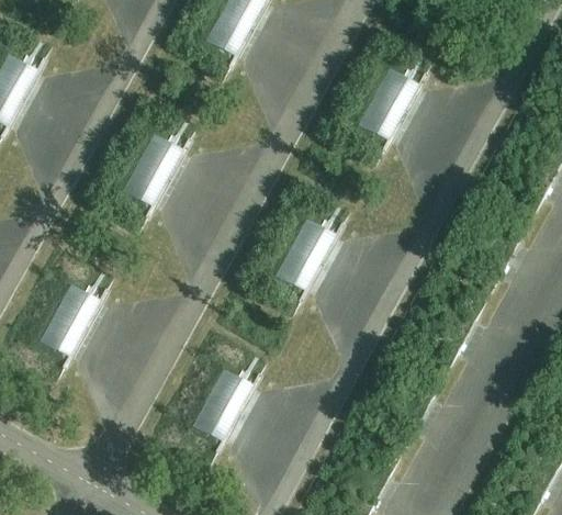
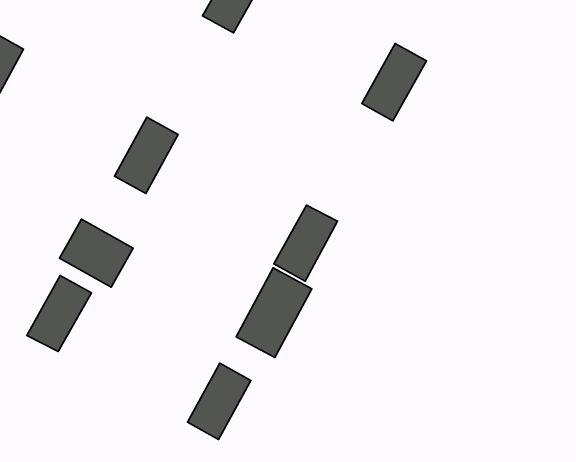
building: none -> [60,219,133,287]
building: none -> [236,268,312,357]

